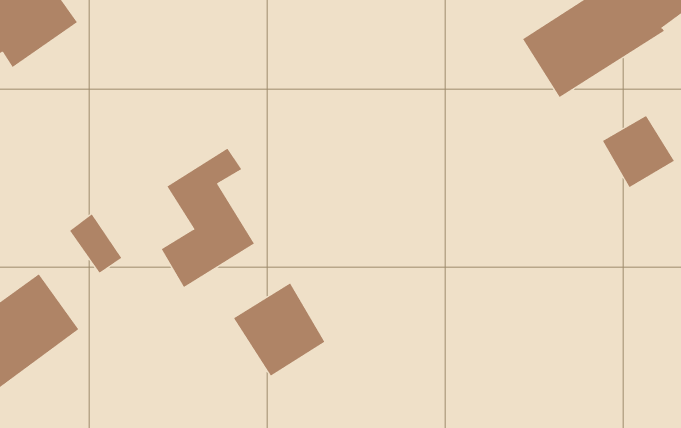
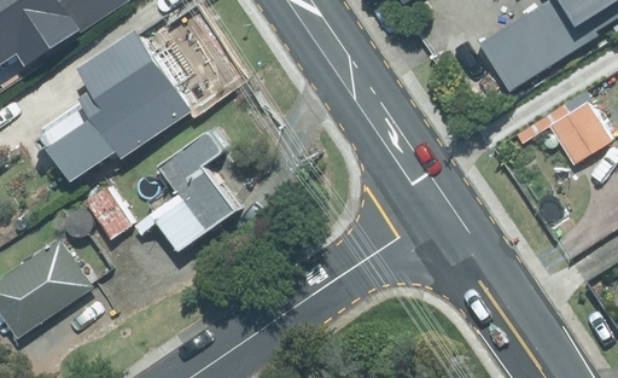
building: none -> [47,25,194,178]
building: [233,283,325,377] -> none

